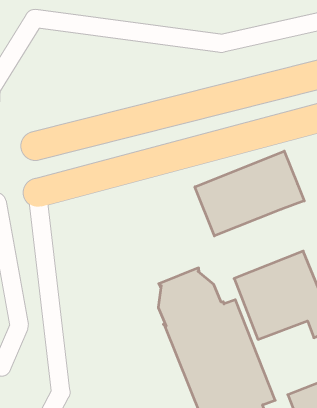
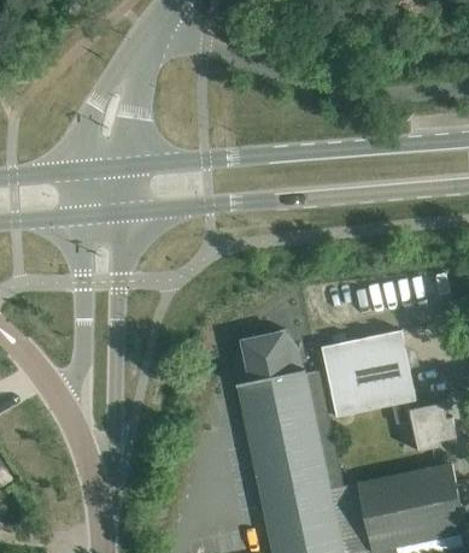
building: [195,151,304,236] -> none

